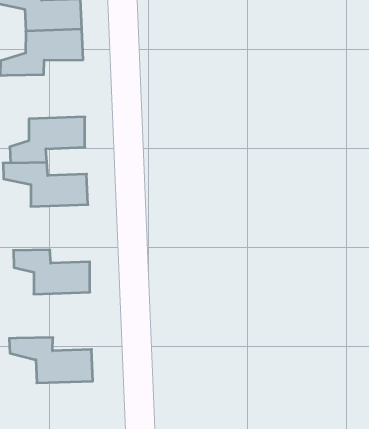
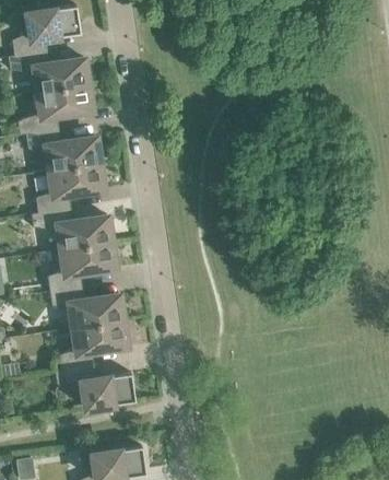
building: none -> [24,129,98,171]
building: none -> [46,242,114,291]
building: none -> [58,320,126,370]

